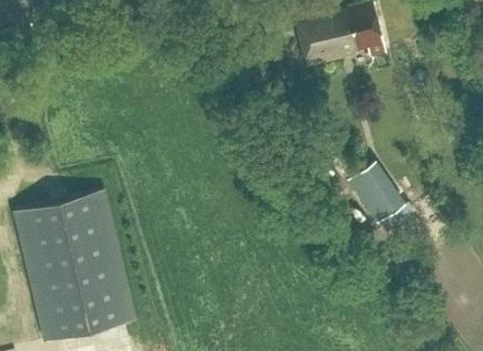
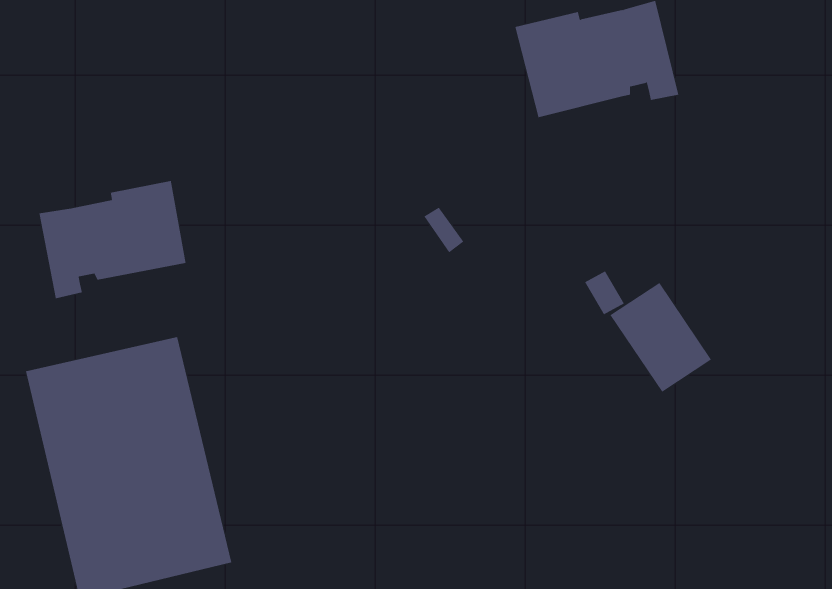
building: none -> [39,180,186,299]

